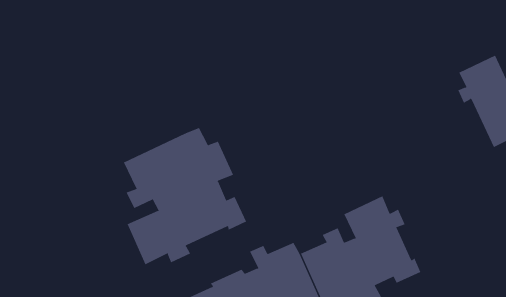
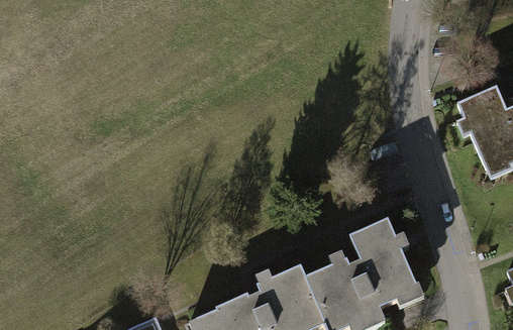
building: [123,127,247,265] -> none

